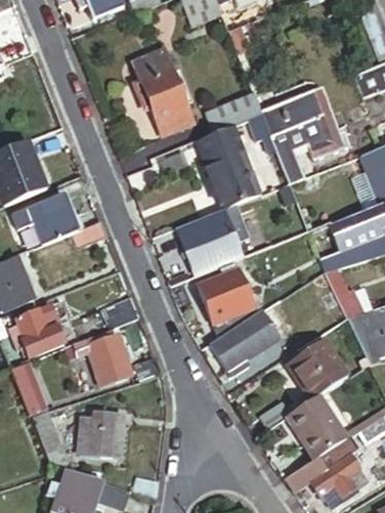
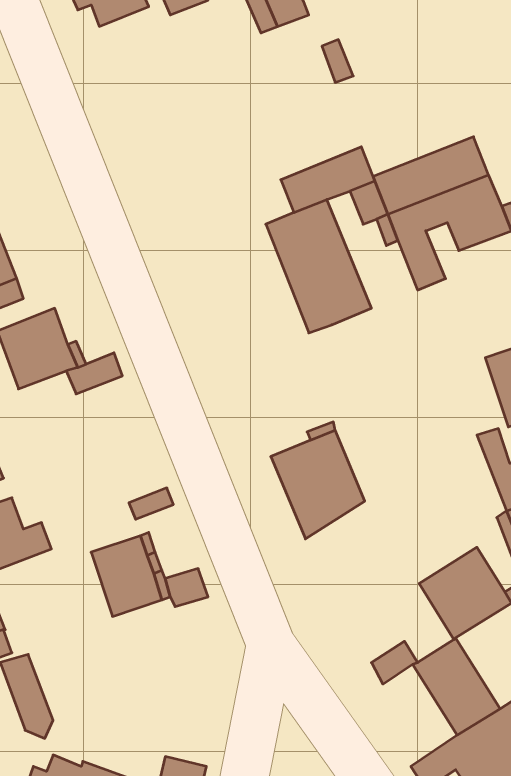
building: [132,49,189,130] -> none
building: [178,203,251,273] -> none
building: [213,309,280,376] -> none
building: [78,410,120,456] -> none

